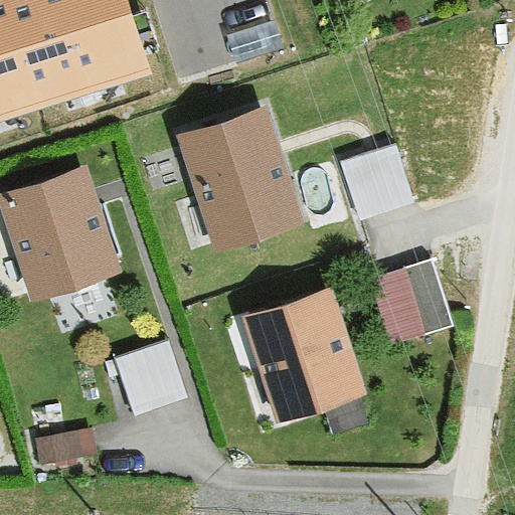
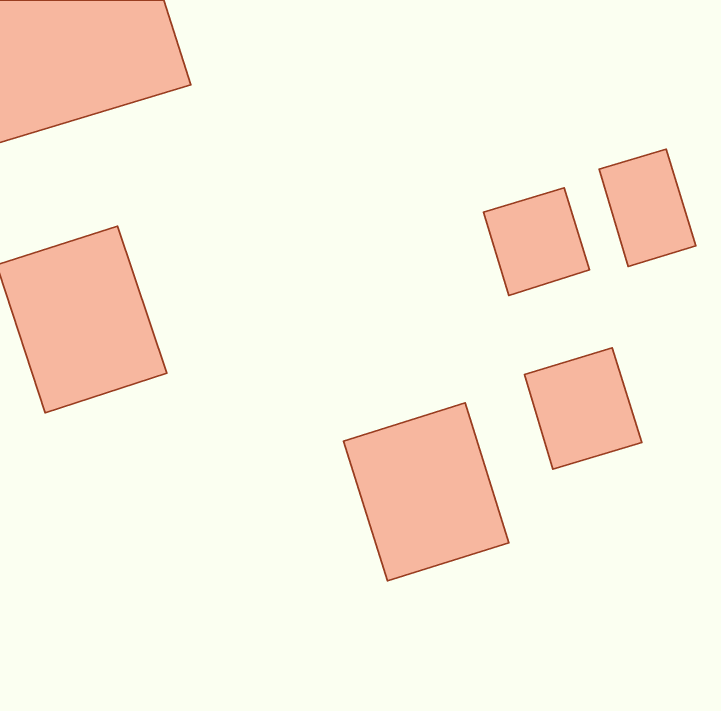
building: [179,113,300,250] -> none
building: none -> [599,149,696,266]
building: [117,337,192,414] -> none

